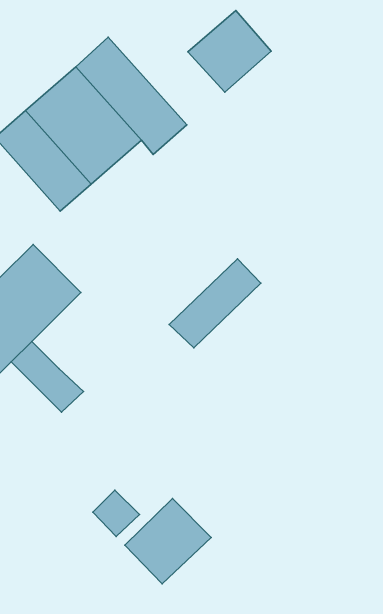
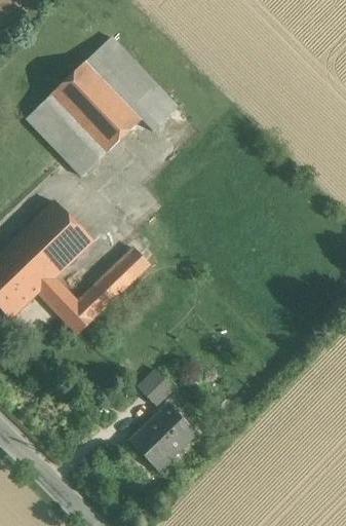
building: [188,11,271,92] -> none
building: [169,259,261,348] -> [76,248,149,318]
building: [93,490,139,537] -> [138,370,175,407]

